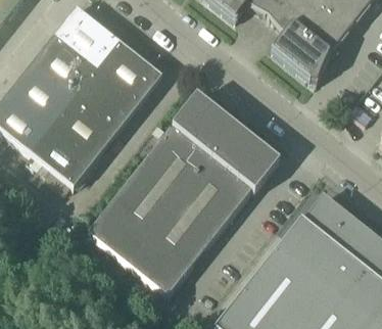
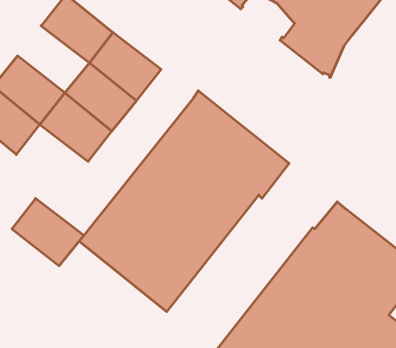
building: [32,34,97,95] -> none
building: [31,124,96,185] -> [12,198,84,266]

